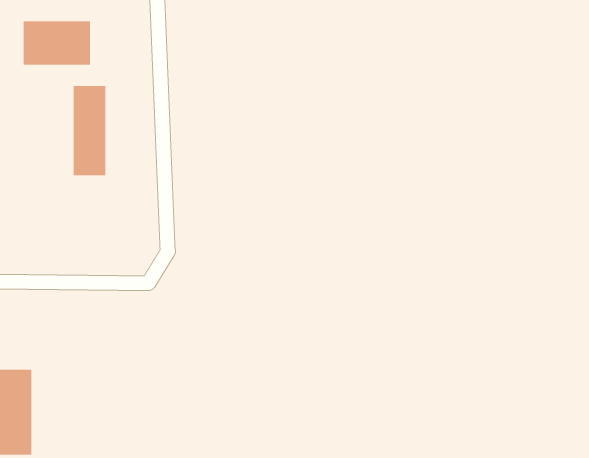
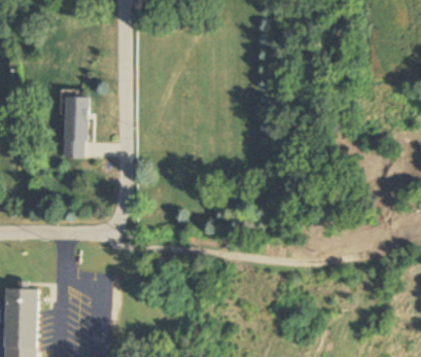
building: [23,21,90,66] -> none

